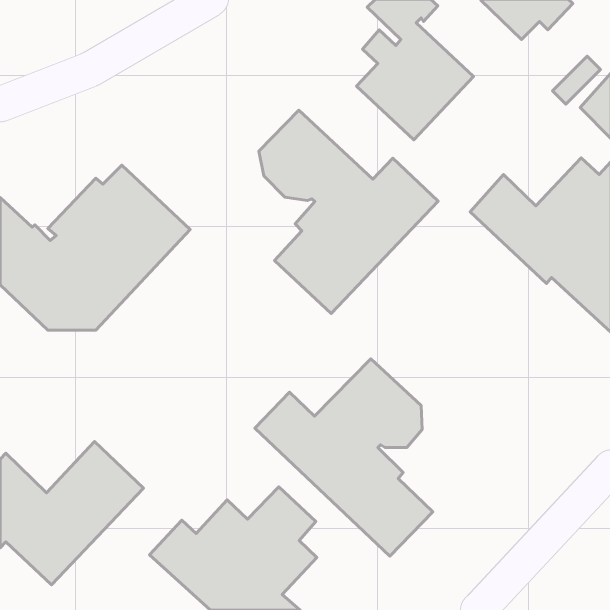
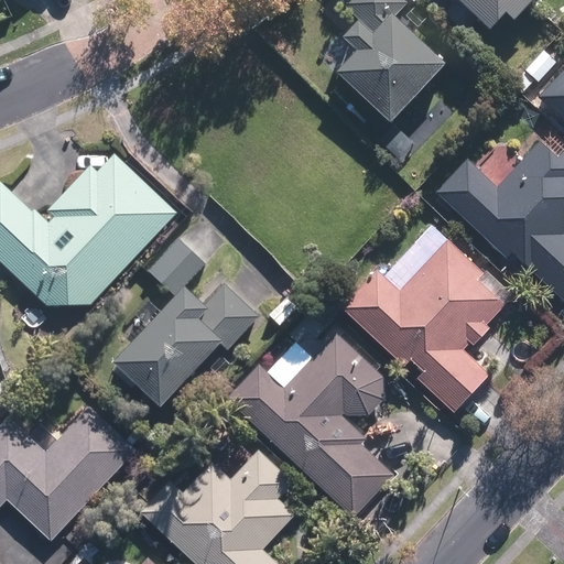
building: [259,110,438,313] -> none
building: none -> [108,238,258,406]
building: none -> [349,241,501,410]

